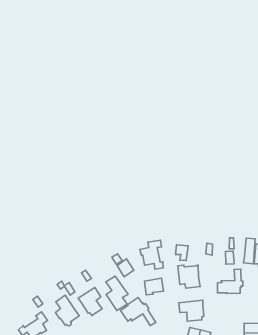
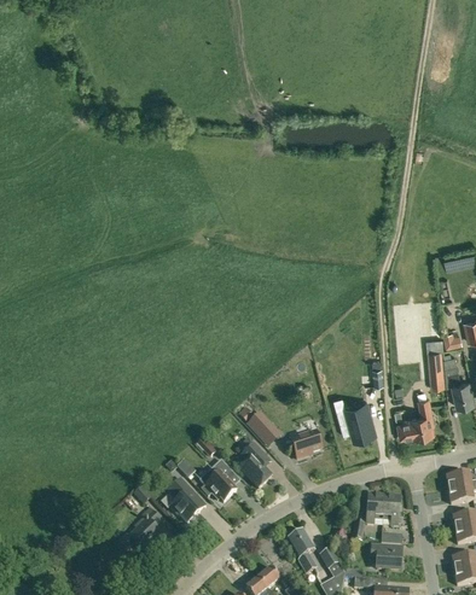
building: [140,240,163,269] -> none
building: [121,298,156,326] -> none
building: [179,300,204,321] -> none

